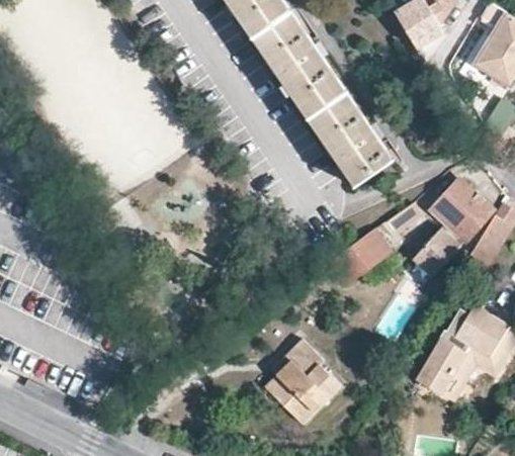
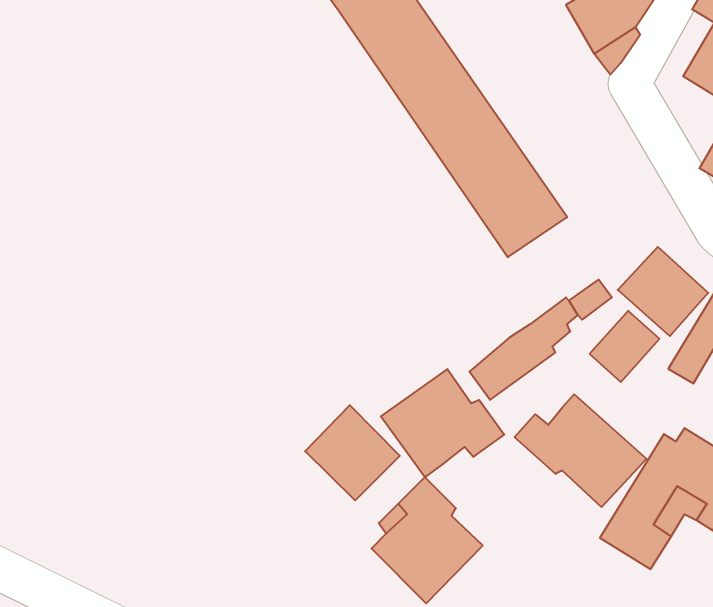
building: none -> [381,369,504,477]
building: none -> [515,394,646,507]
building: none -> [305,405,400,500]

